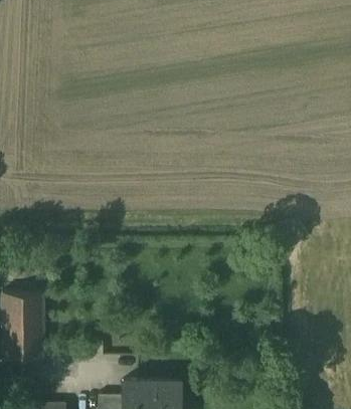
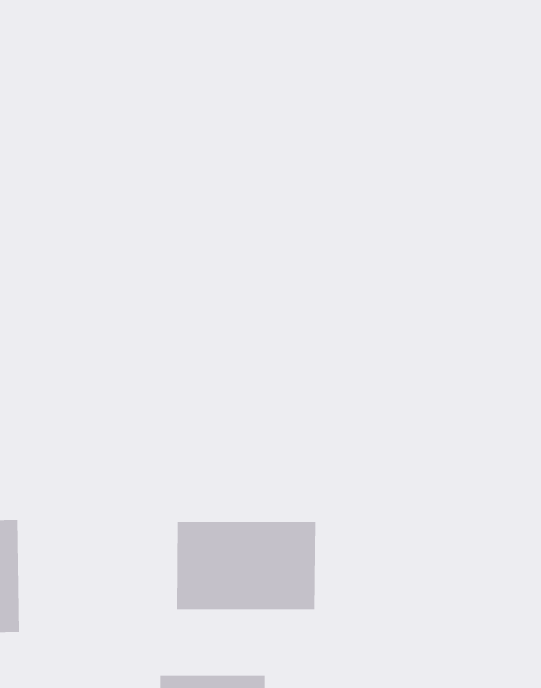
building: none -> [176,521,316,610]

